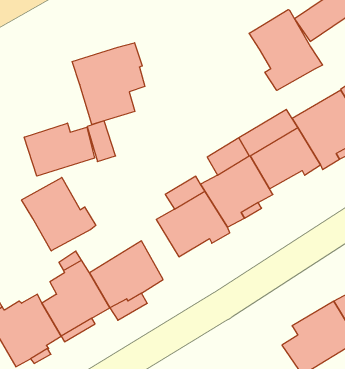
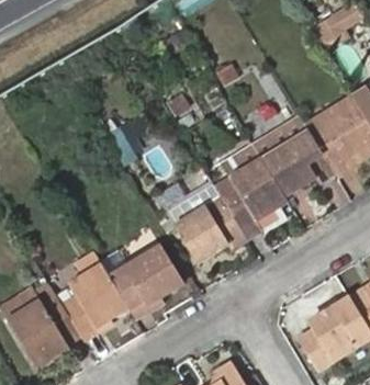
building: [249,10,323,90] -> none
building: [72,43,145,125] -> none
building: [24,123,95,176] -> none
building: [22,177,96,251] -> none

